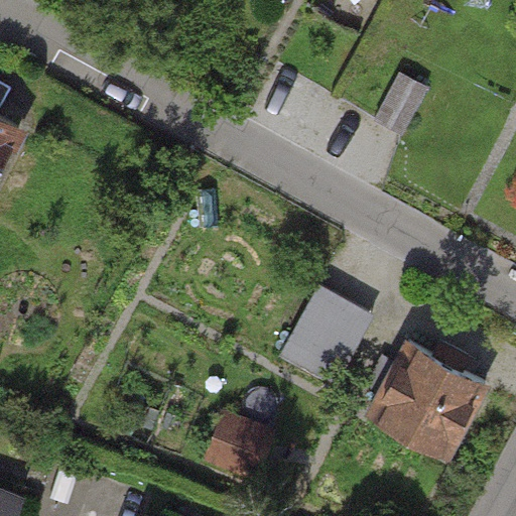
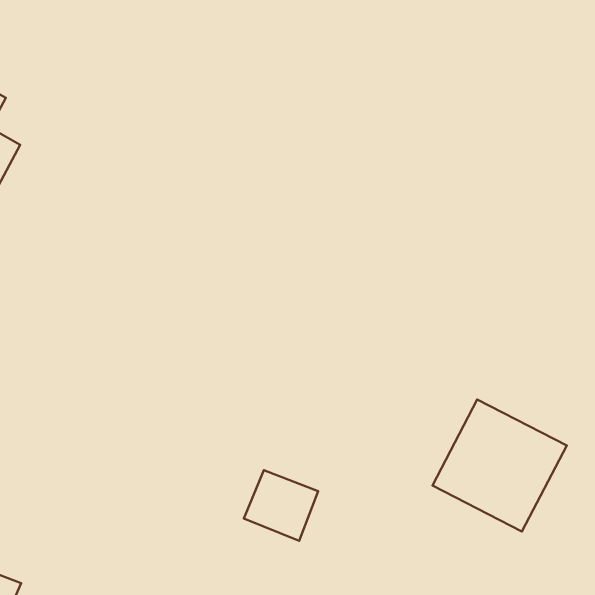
building: [280,285,372,384] -> none

